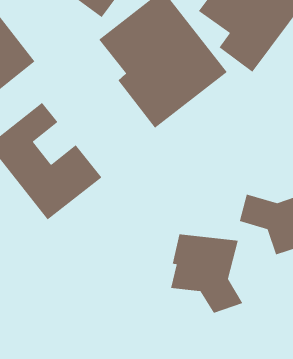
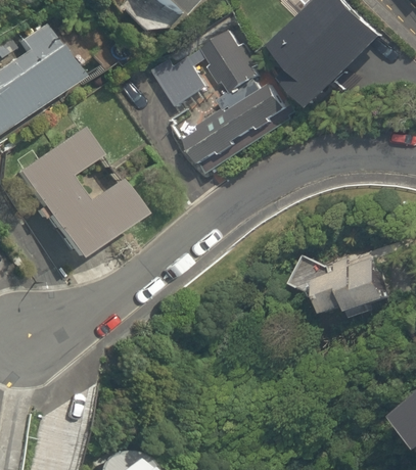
building: [170,234,244,314] -> none

